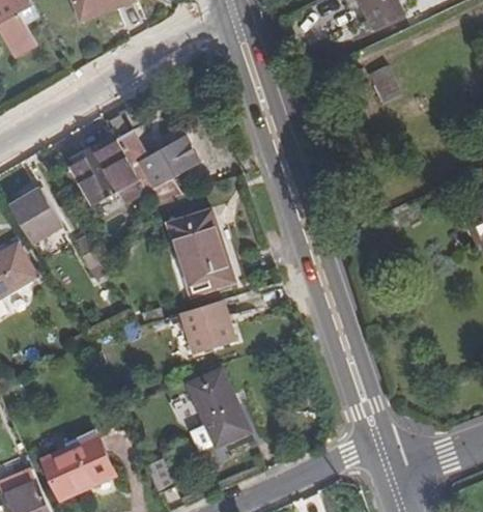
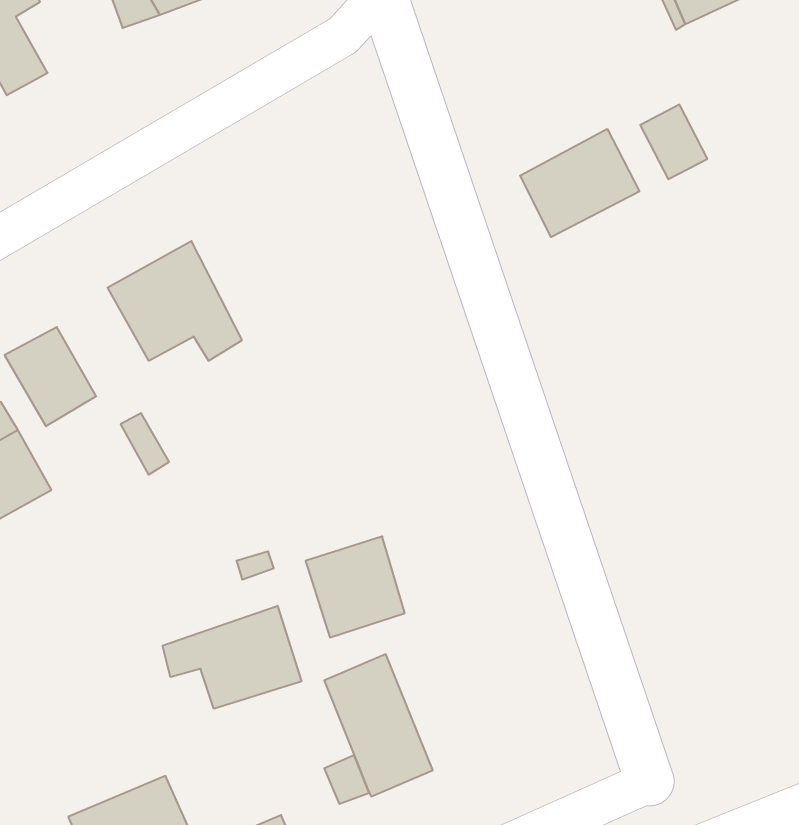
building: none -> [520,129,639,237]
building: [118,130,199,203] -> none
building: [167,211,232,296] -> none
building: none -> [163,606,301,709]

